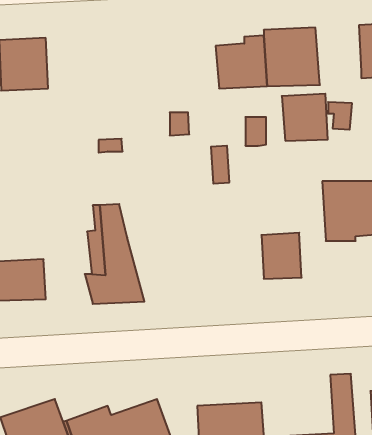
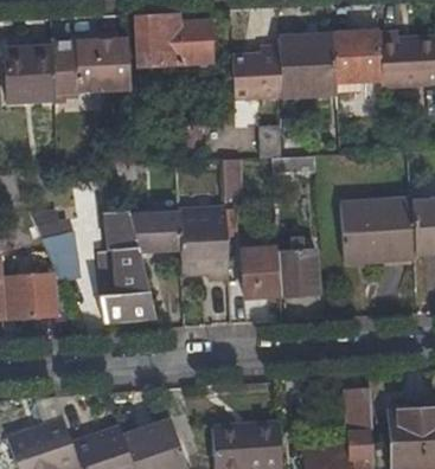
building: none -> [135,13,215,70]
building: none -> [53,39,130,104]
building: [282,94,328,141] -> [333,33,380,82]
building: none -> [129,208,232,281]
building: none -> [40,232,79,276]
building: none -> [244,244,280,297]

